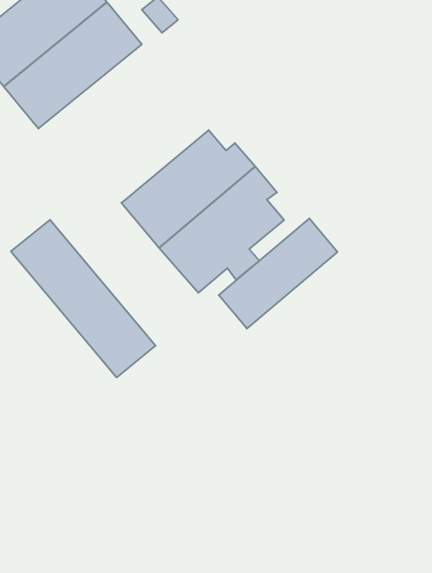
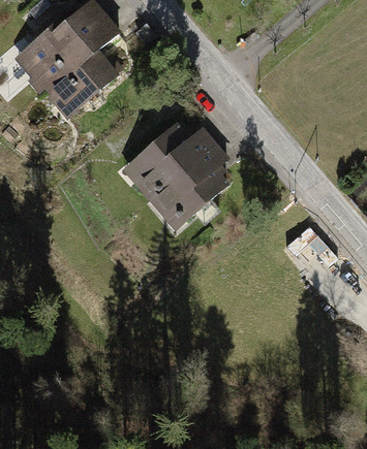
building: [219,218,337,329] -> none
building: [11,220,156,377] -> none

